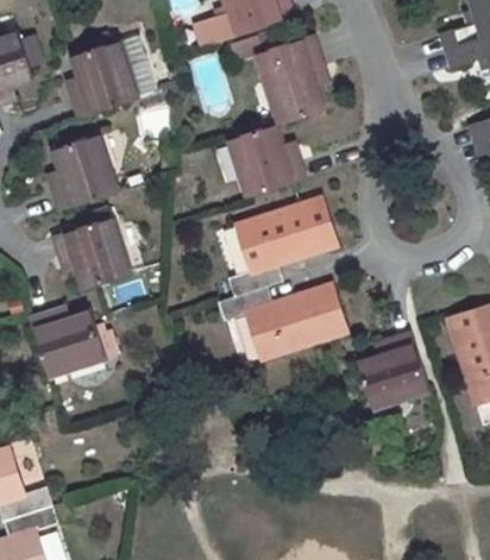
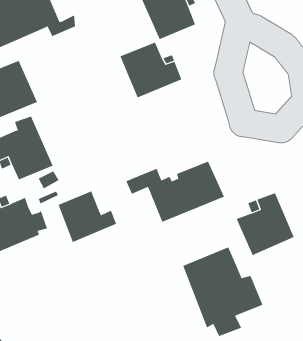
building: [231,197,338,296] -> none
building: none -> [58,190,117,243]
building: none -> [182,247,263,337]

